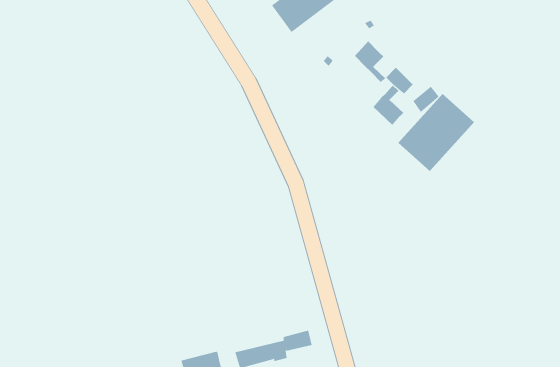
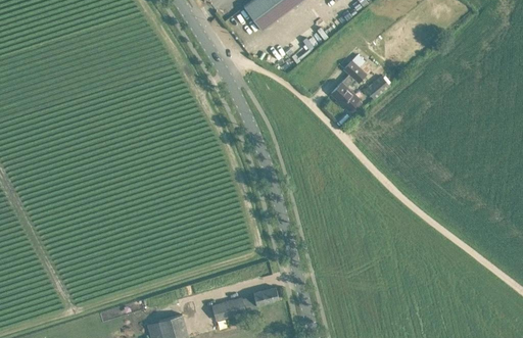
building: [354,41,386,83] -> none
building: [397,93,475,172] -> none

